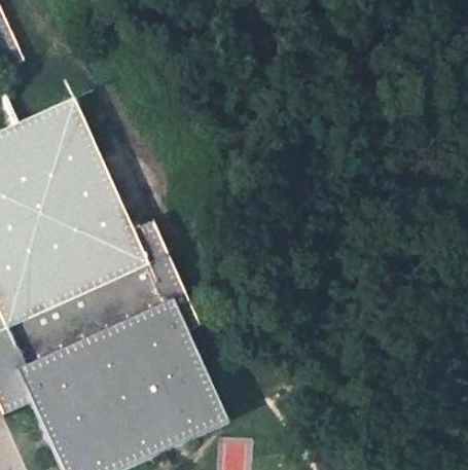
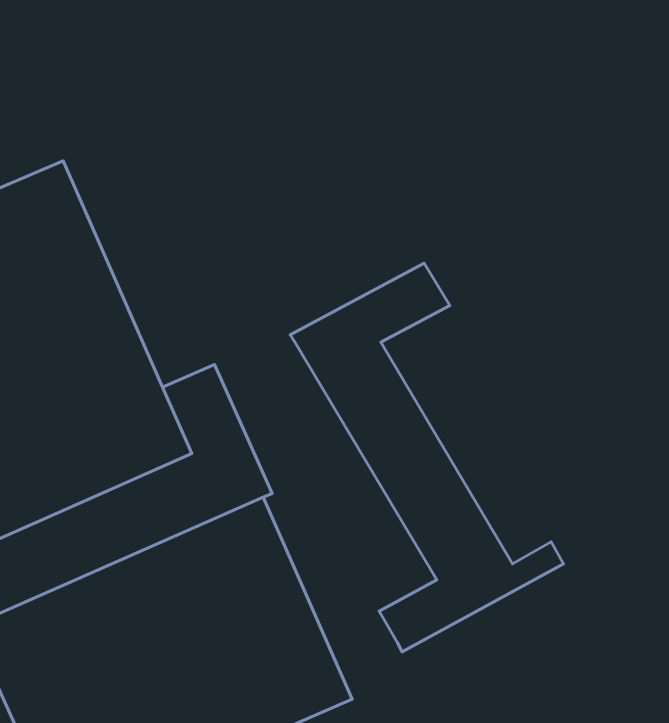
building: none -> [290,263,564,652]

